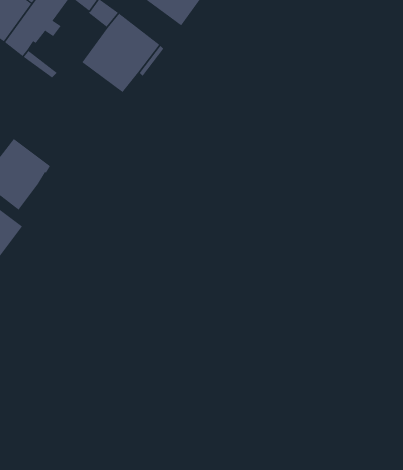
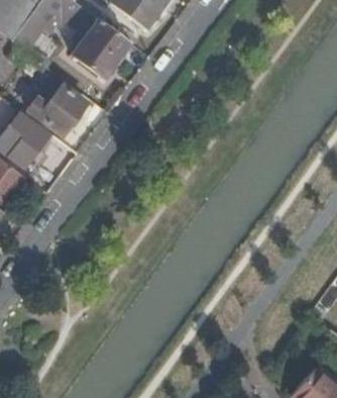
building: none -> [33,85,86,135]

